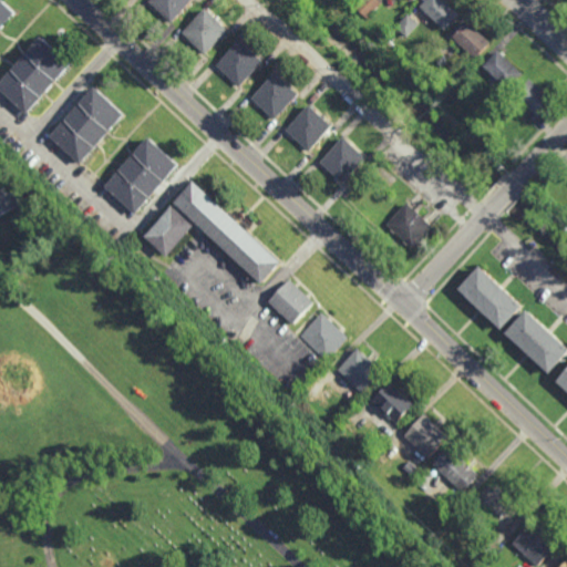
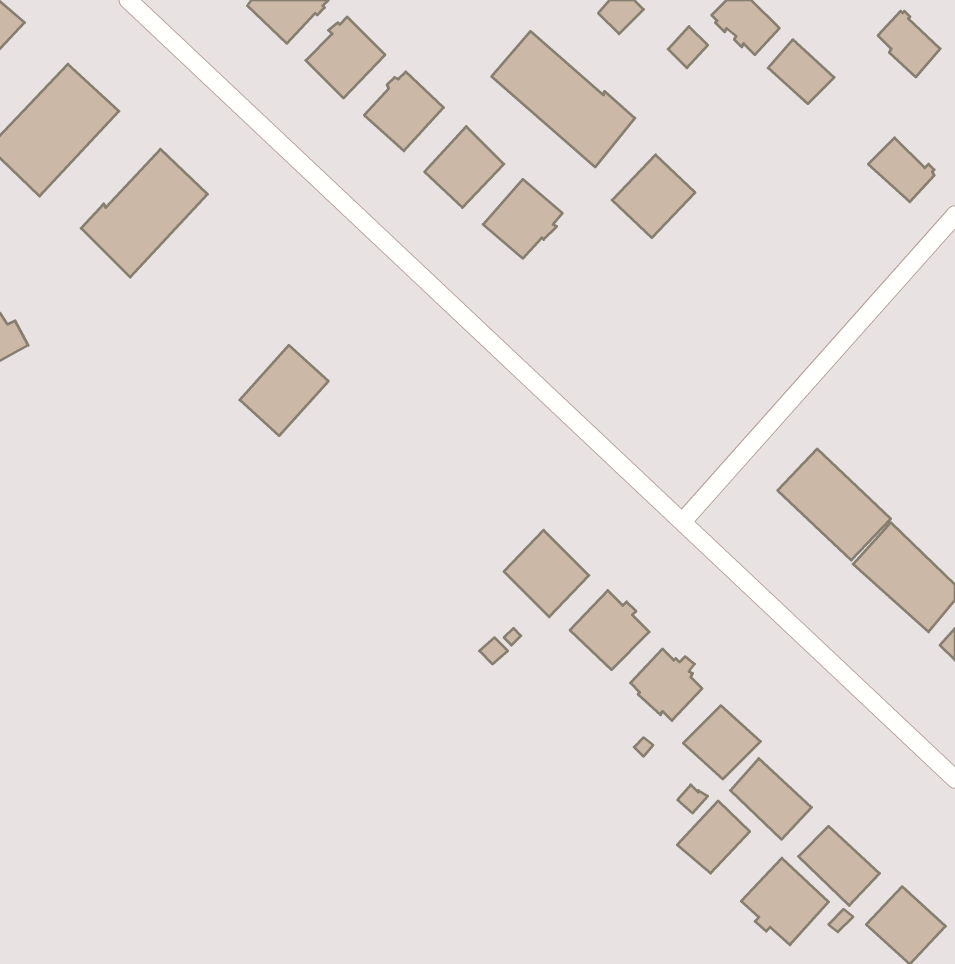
building: none -> [492,31,635,167]
building: [481,53,517,92] -> [878,11,940,77]
building: [101,134,177,213] -> none
building: [317,136,365,185] -> [612,155,695,238]
building: [172,177,281,282] -> none
building: [383,204,429,250] -> none
building: [266,279,311,324] -> none
building: none -> [677,801,750,873]
building: none -> [741,858,829,945]

